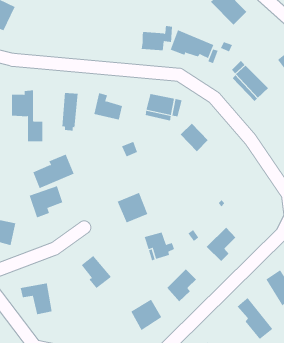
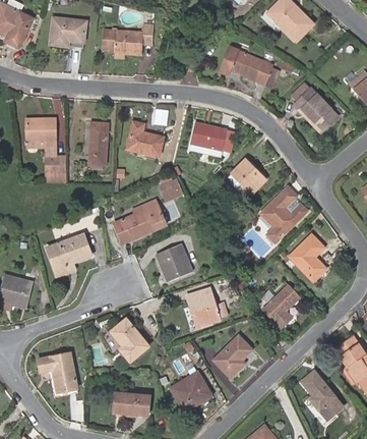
building: none -> [50,18,85,47]
building: [141,26,173,51] -> [114,22,152,53]
building: none -> [260,186,306,242]
building: [33,154,75,189] -> [114,200,165,242]
building: none -> [290,234,323,279]
building: none -> [113,392,148,415]

